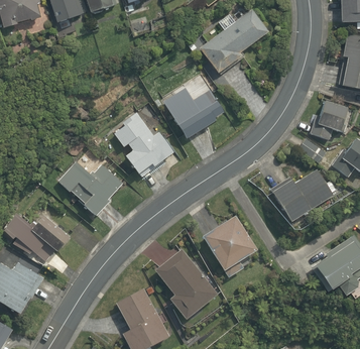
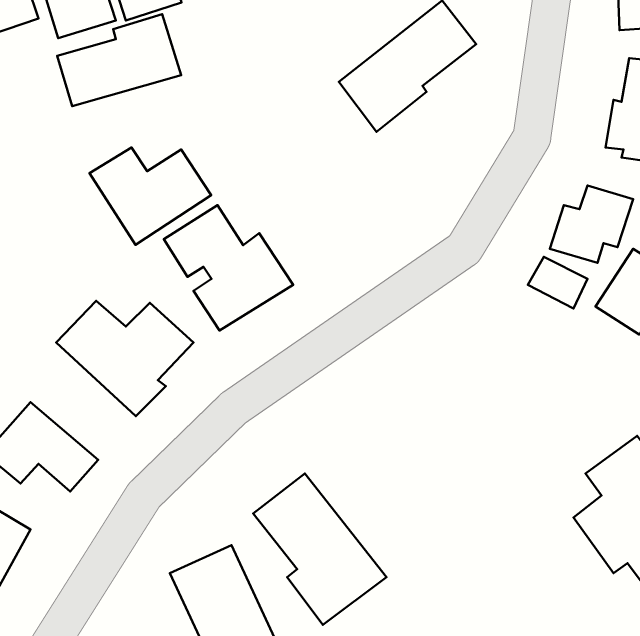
building: none -> [57,14,181,106]
building: [164,88,226,137] -> [90,147,211,245]
building: [272,169,337,223] -> none
building: [200,211,261,275] -> none

